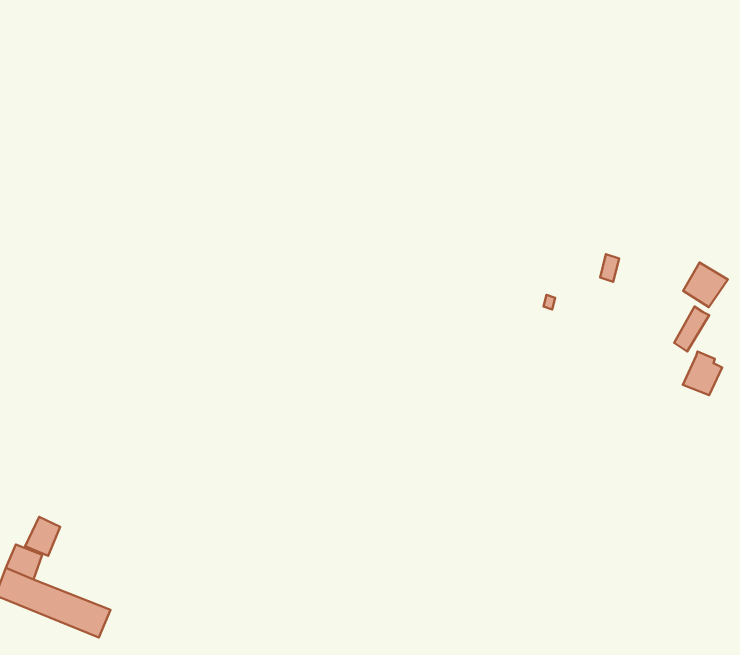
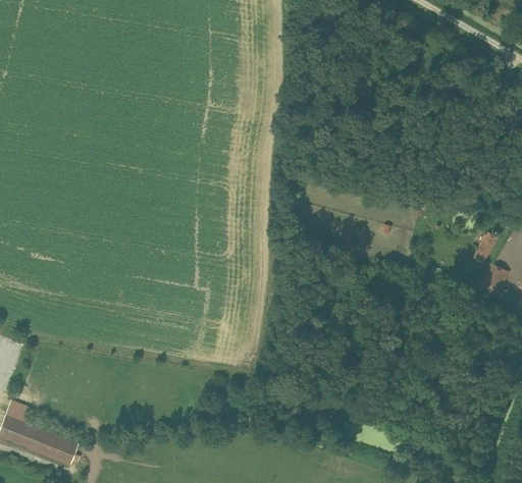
building: [683,263,728,307] -> none
building: [25,517,60,556] -> none

